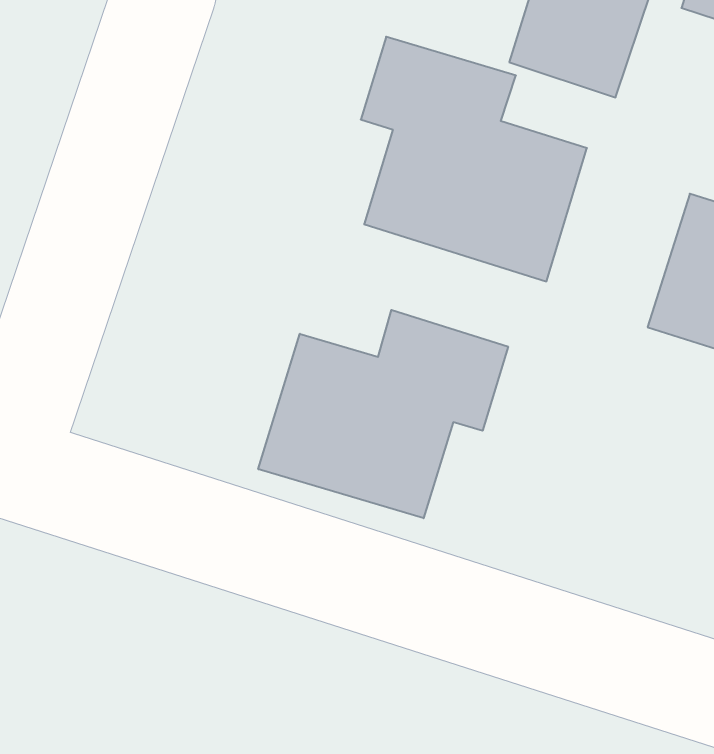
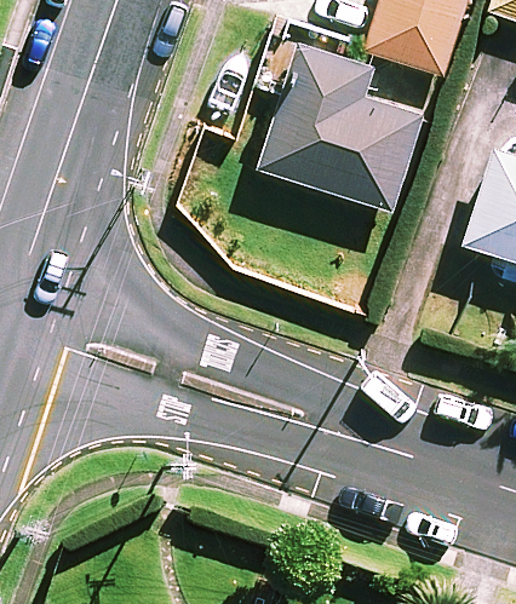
building: [258,310,508,518] -> none

